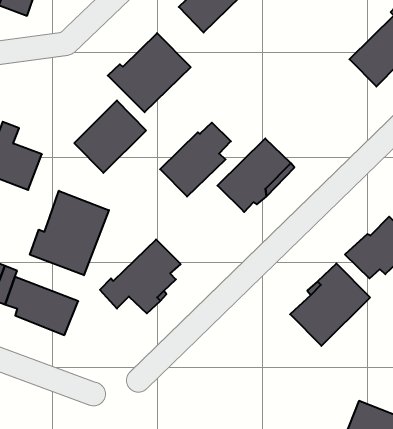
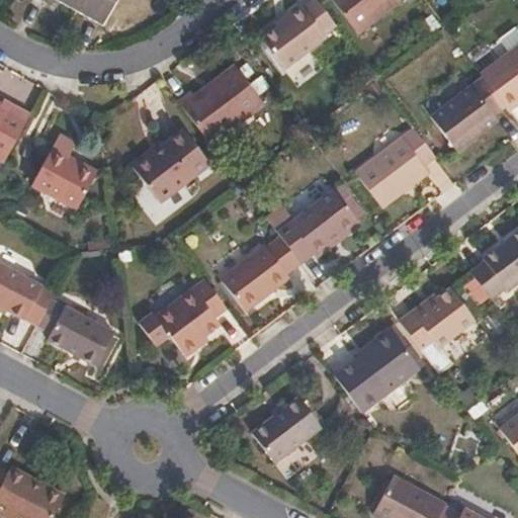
building: none -> [353,125,435,206]
building: [160,123,231,197] -> [220,236,297,310]
building: [30,191,109,275] -> none
building: none -> [251,397,321,463]

